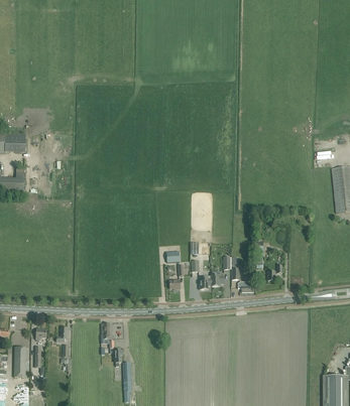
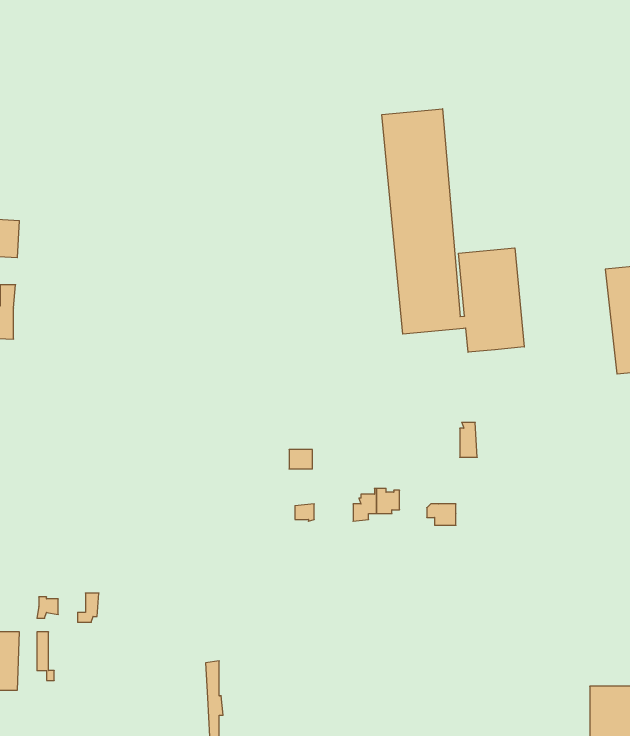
building: none -> [382,109,524,352]

